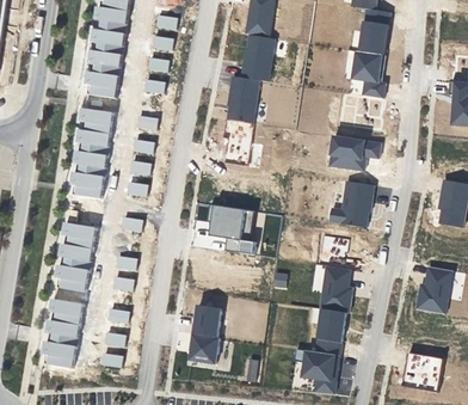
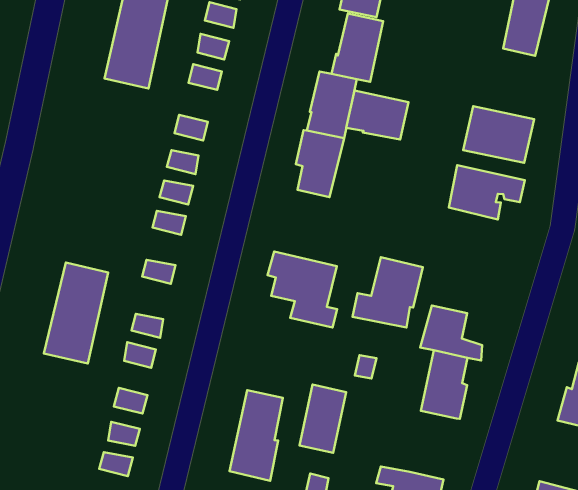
building: [352,51,384,98] -> none
building: none -> [346,91,409,139]
building: [69,108,112,196] -> none
building: [330,178,376,226] -> [352,257,423,328]
building: [42,299,82,367] -> none
building: [315,308,345,355] -> [299,385,346,453]

